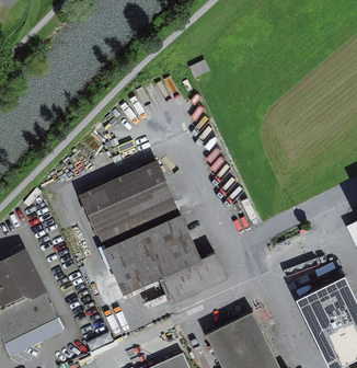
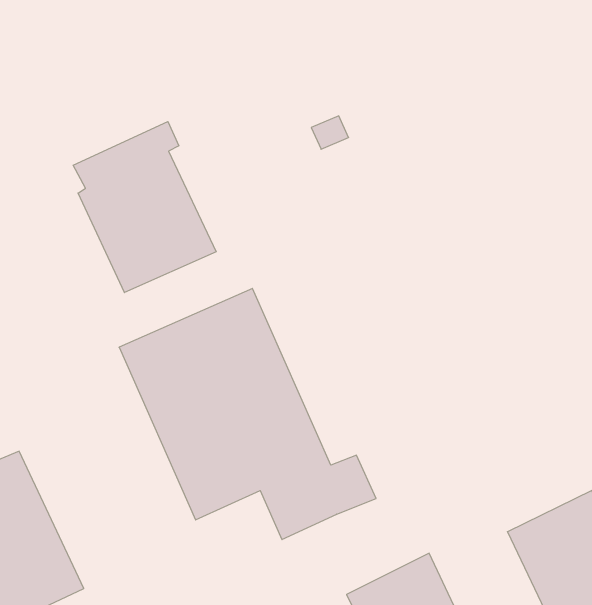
building: none -> [73,122,216,293]

